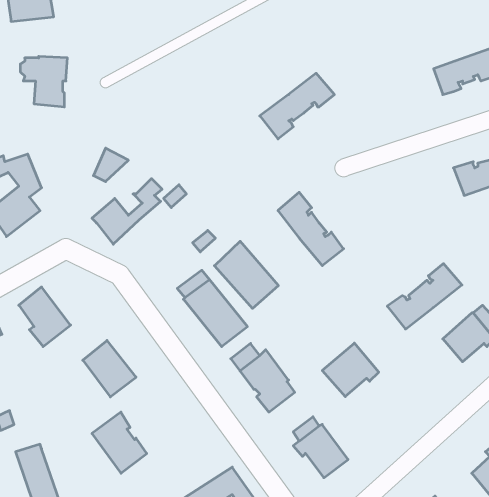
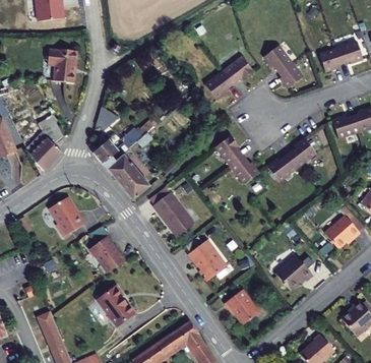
building: none -> [263,45,302,87]
building: [214,241,278,308] -> [106,154,148,198]
building: [387,264,462,329] -> [267,137,317,181]
building: [322,343,379,397] -> [276,255,314,291]

